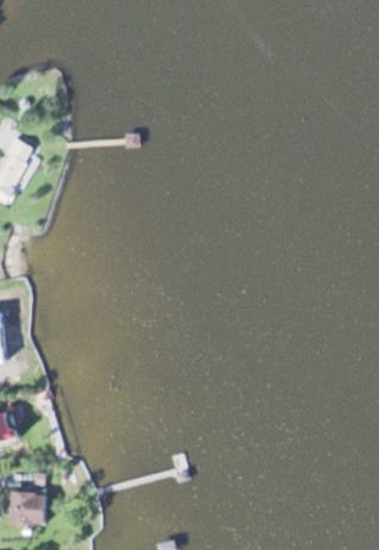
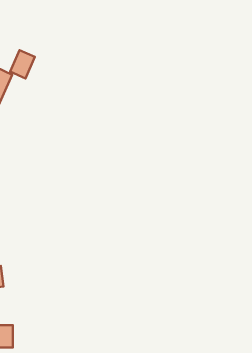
building: none -> [10,50,35,78]

